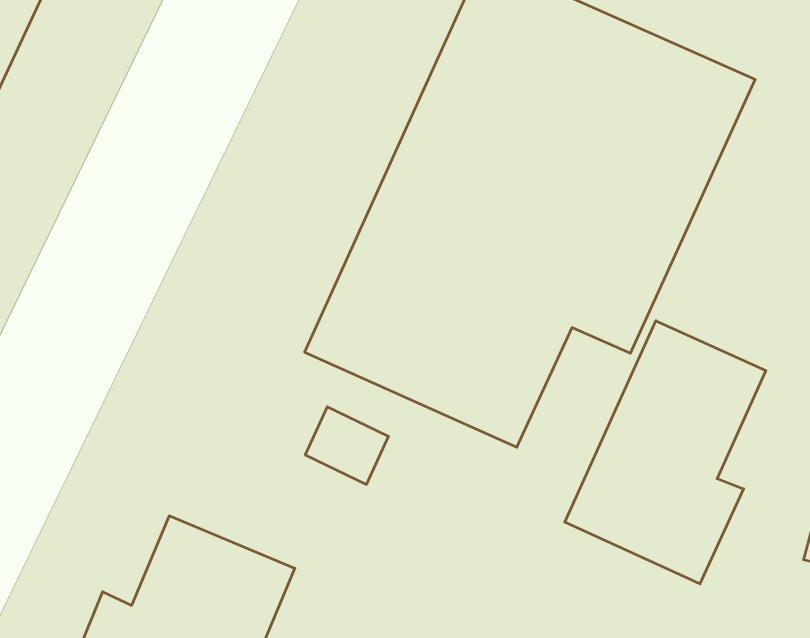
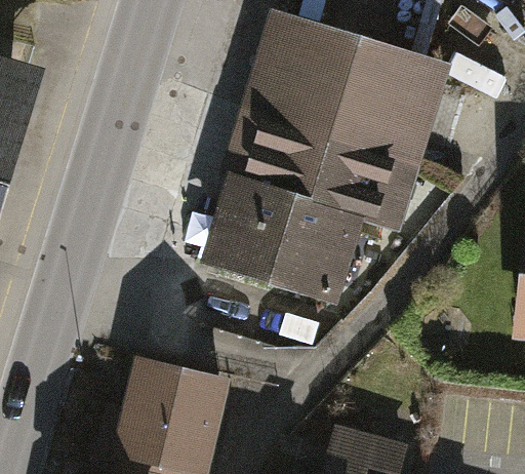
building: [565,321,766,584] -> none

